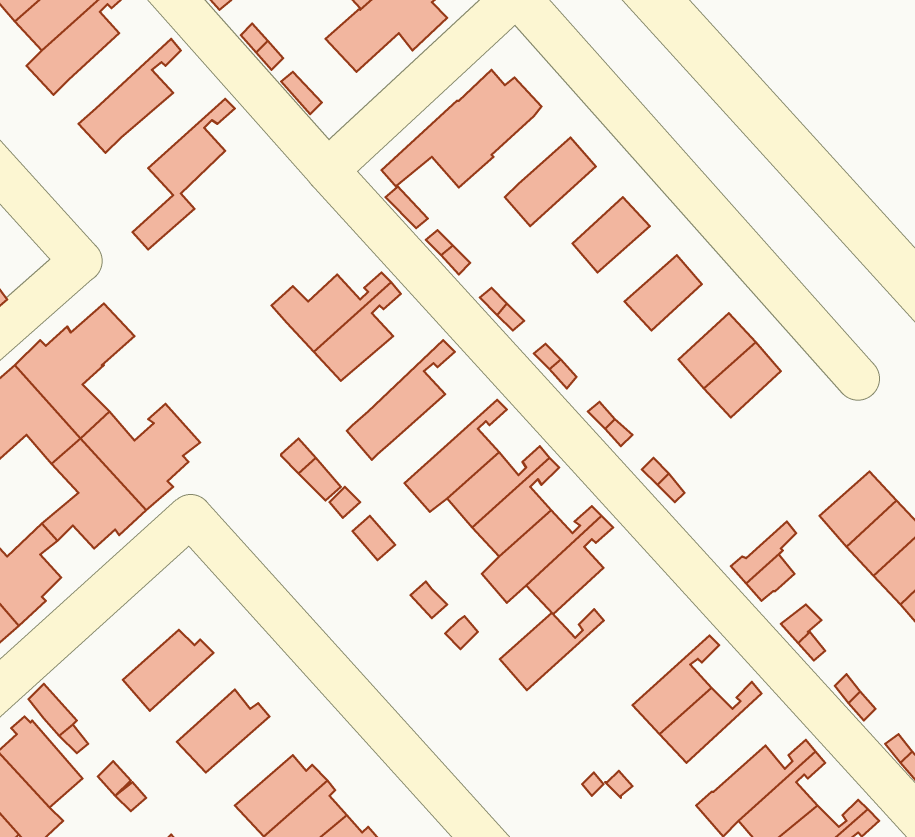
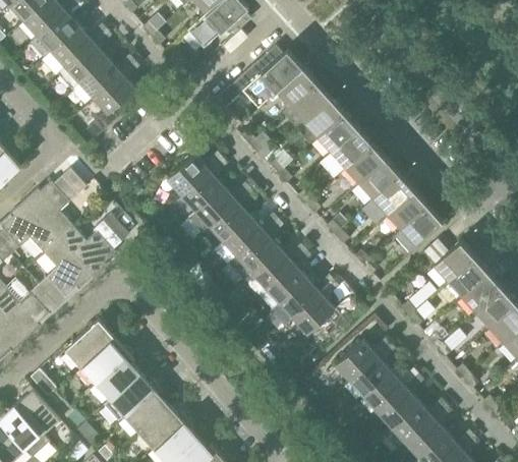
building: none -> [51,25,105,67]
building: none -> [78,56,133,99]
building: none -> [274,66,315,107]
building: none -> [294,98,343,146]
building: none -> [330,129,371,169]
building: none -> [358,160,399,199]
building: none -> [186,184,248,234]
building: none -> [400,206,442,246]
building: none -> [214,215,277,265]
building: none -> [433,242,473,282]
building: none -> [64,321,109,368]
building: [500,609,604,690] -> [334,339,389,382]
building: none -> [94,354,138,401]
building: none -> [377,376,422,427]
building: none -> [123,388,169,435]

